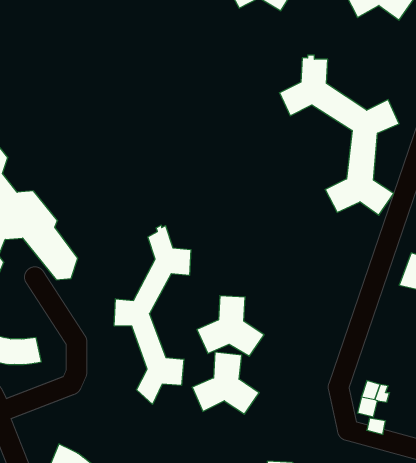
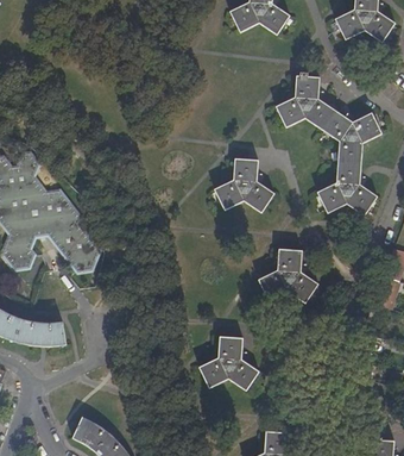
building: none -> [214,158,274,212]
building: [114,225,191,404] -> none
building: [197,296,264,356] -> [259,249,318,302]

